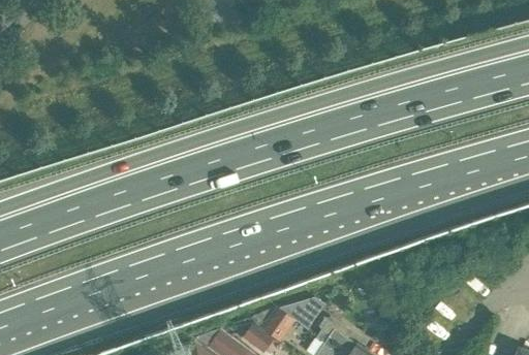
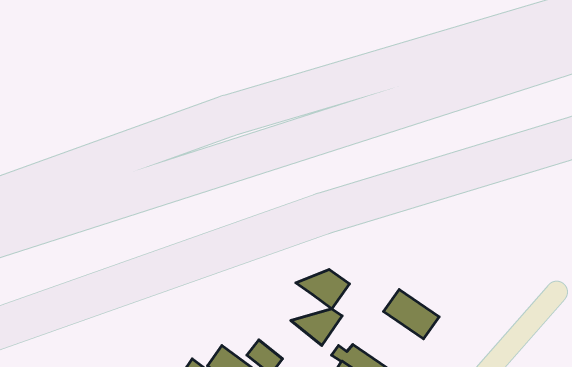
building: none -> [384,289,439,339]
building: [247,308,293,342] -> [296,270,350,309]

